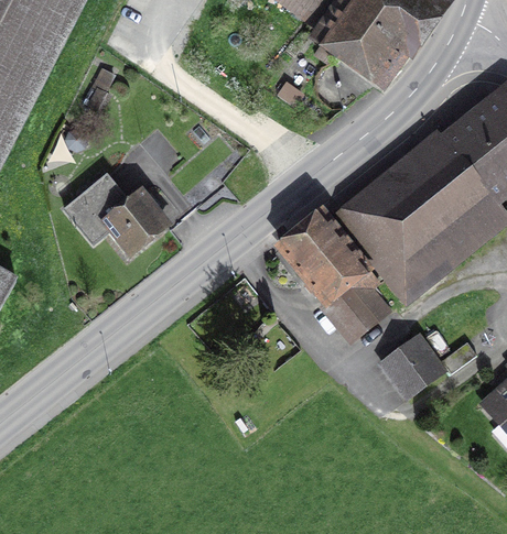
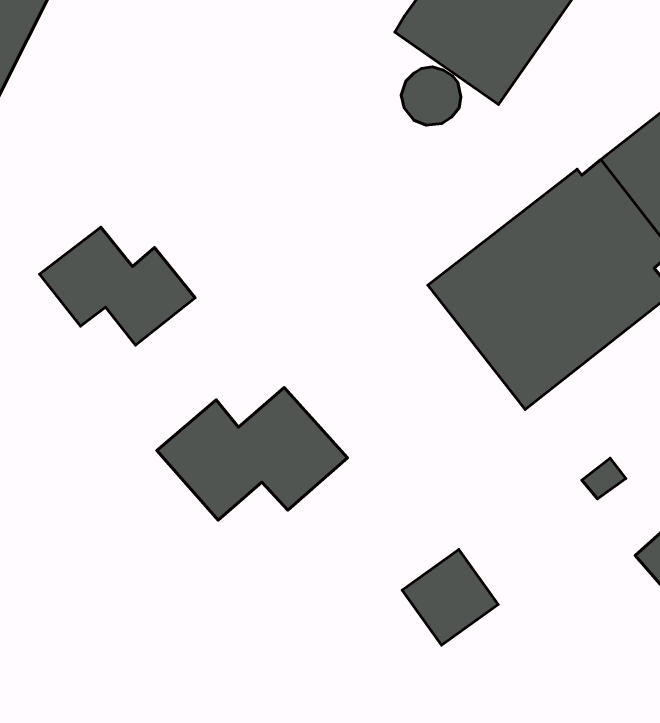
building: [276,206,398,341] -> none
building: none -> [157,388,347,520]
building: [382,334,450,401] -> [402,549,498,645]

